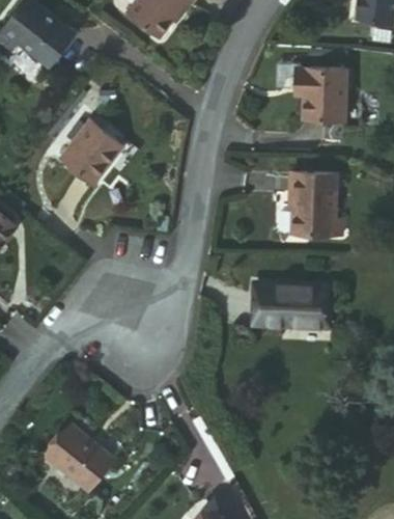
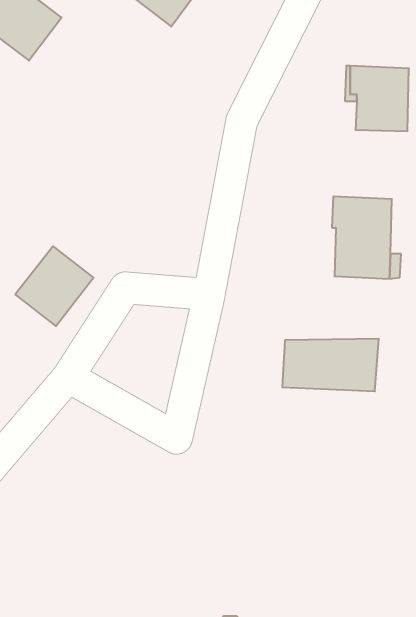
building: [59,120,121,184] -> [15,246,94,326]
building: [43,426,109,489] -> none

